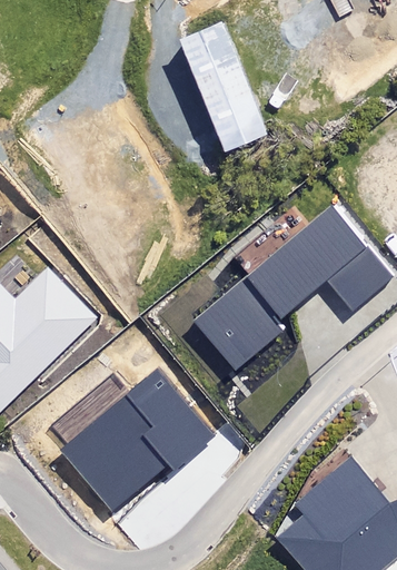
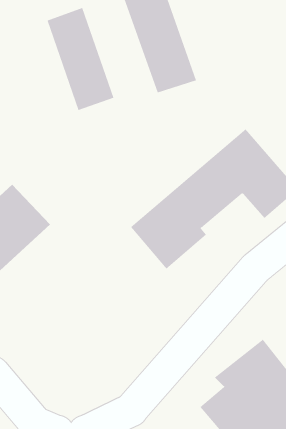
building: none -> [47,7,114,111]
building: [59,366,218,512] -> none

